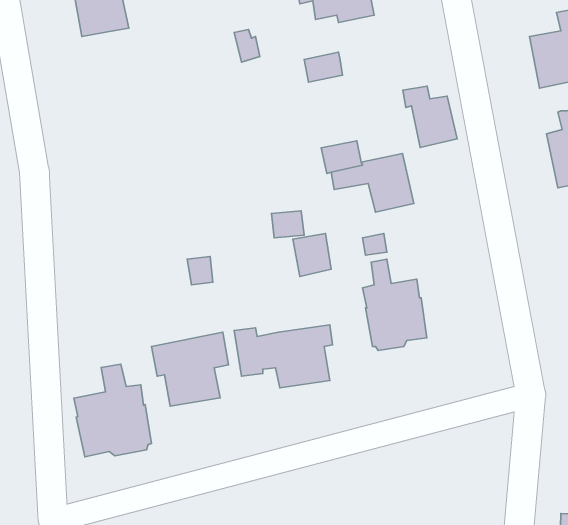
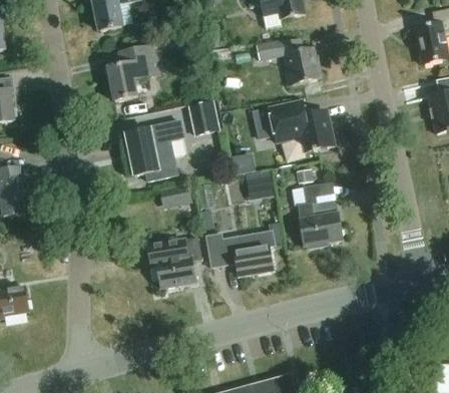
building: none -> [107,43,162,99]
building: [403,86,457,147] -> [281,40,319,83]
building: none -> [190,100,220,136]
building: none -> [253,106,277,139]
building: none -> [122,119,183,180]
building: [74,364,152,457] -> none

